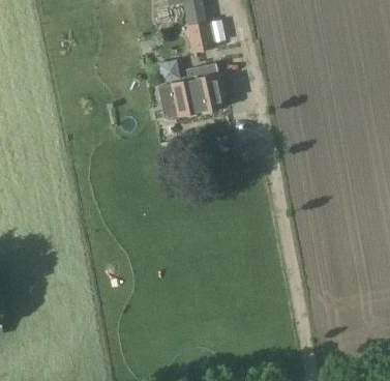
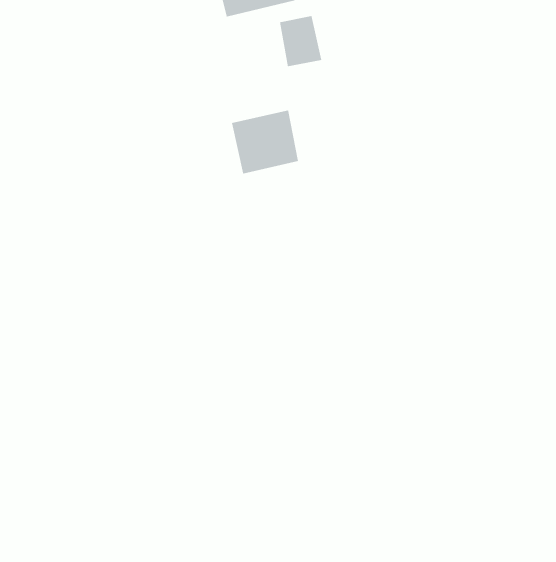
building: [192,61,223,111] -> none

